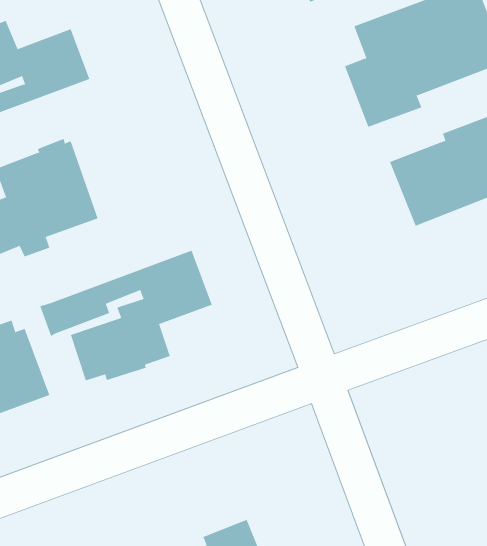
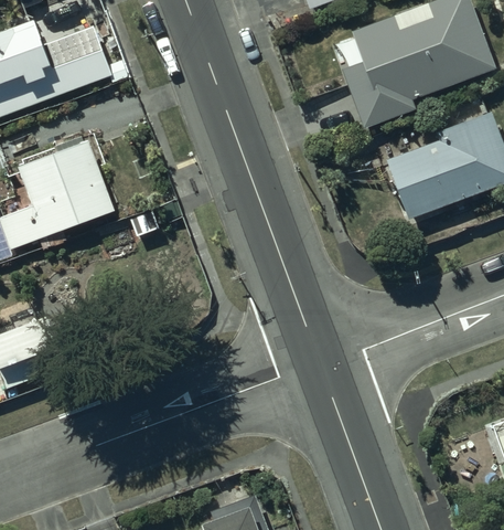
building: [39,250,212,381] -> none

